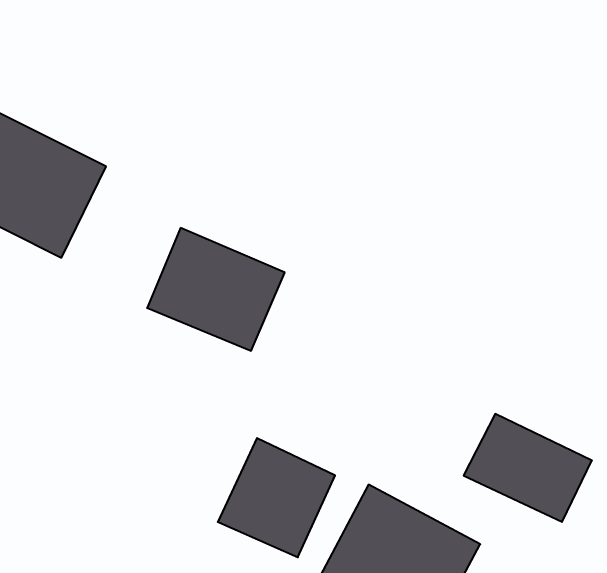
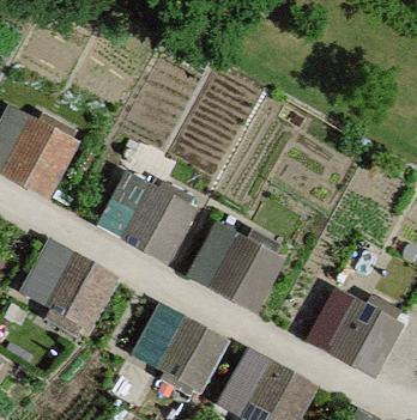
building: none -> [191,225,280,306]
building: none -> [20,243,115,329]

